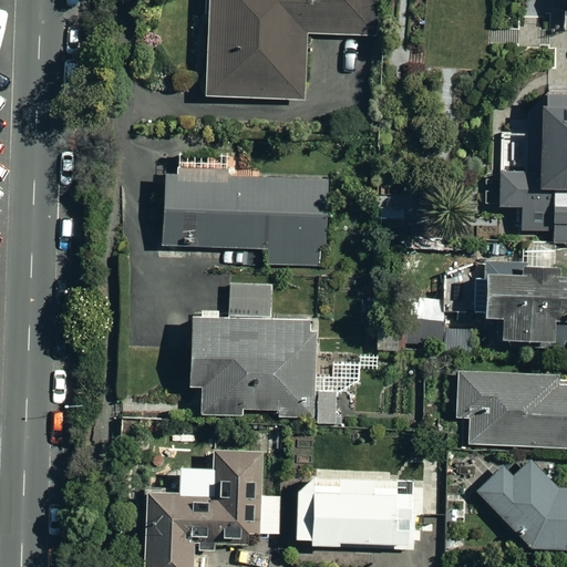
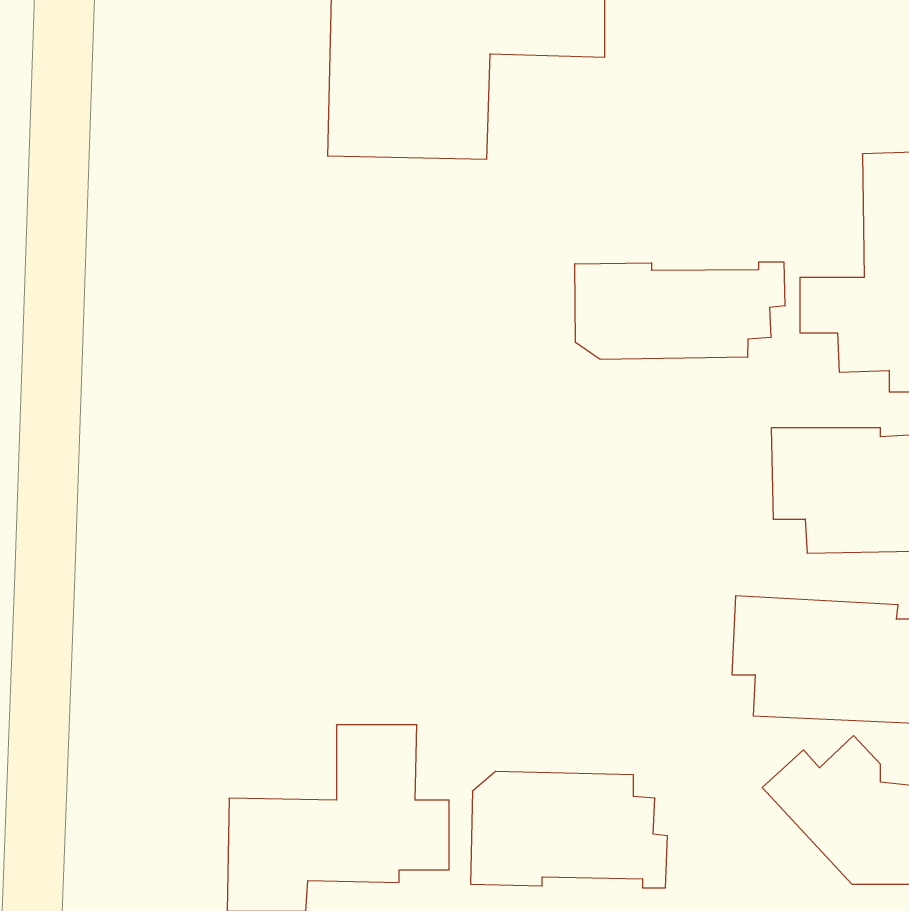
building: none -> [575,262,785,359]
building: [163,177,326,264] -> none
building: [188,280,362,415] -> none

